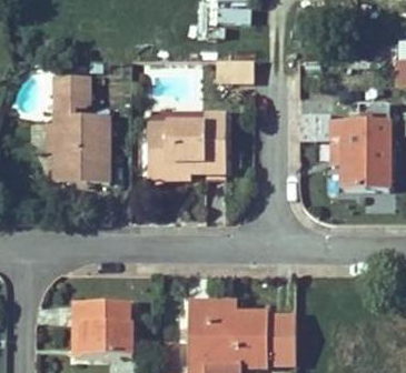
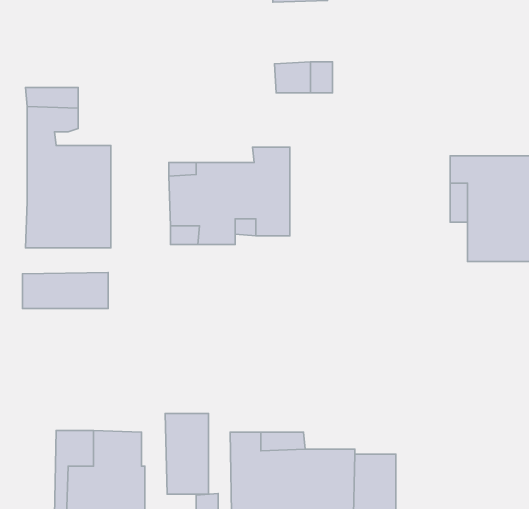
building: none -> [23,272,108,309]
building: none -> [165,413,209,494]

